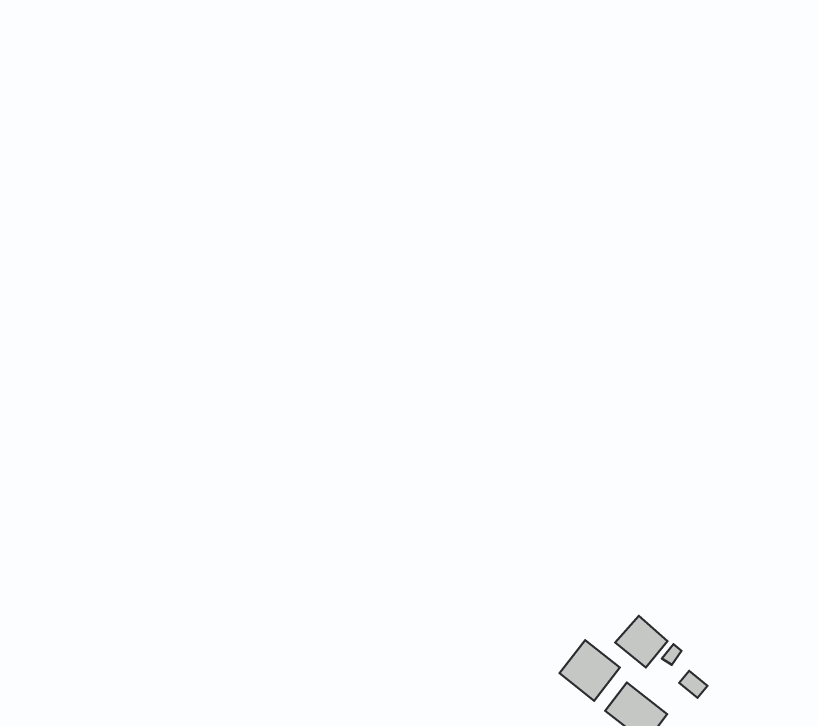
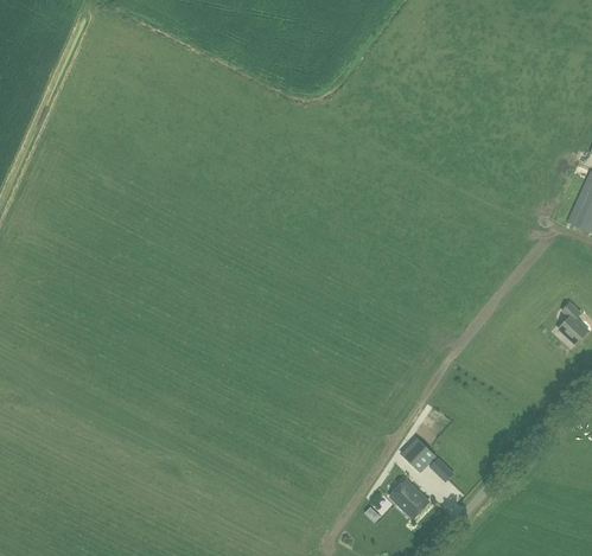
building: [559,640,620,701] -> none

